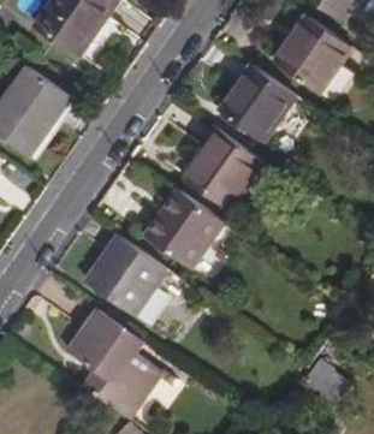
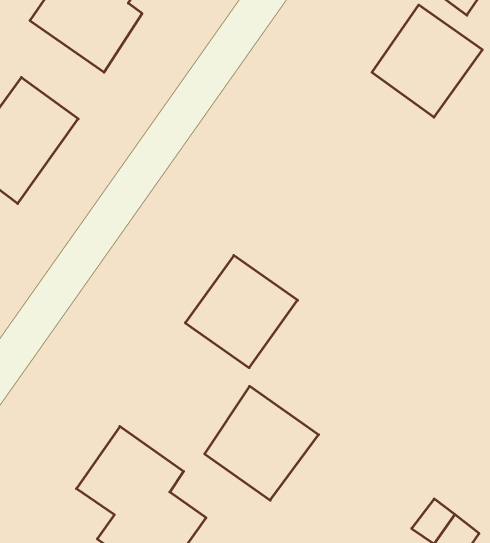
building: [218,64,296,142] -> none
building: [186,127,261,206] -> none
building: [85,236,165,315] -> [205,386,319,500]

